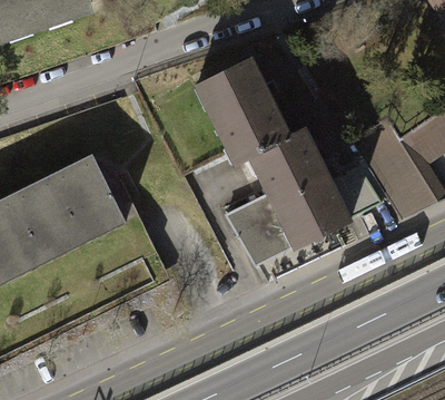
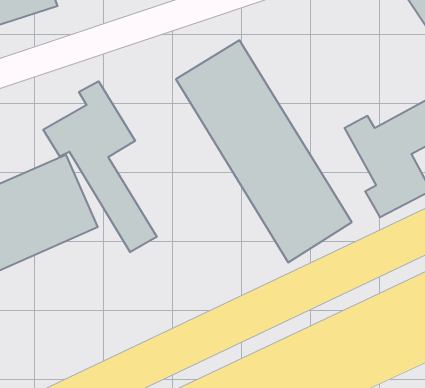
building: none -> [43,81,157,252]
building: [220,189,293,265] -> none

